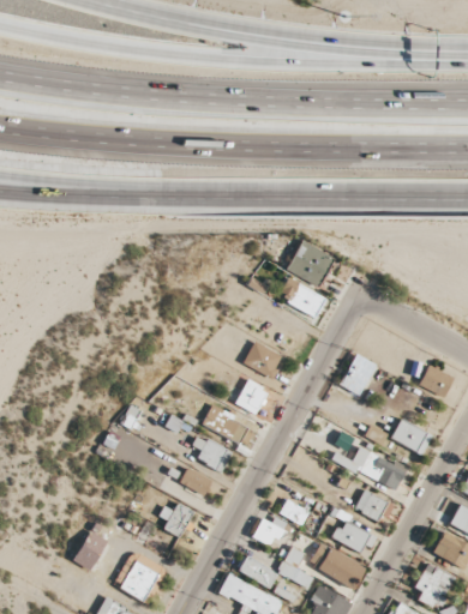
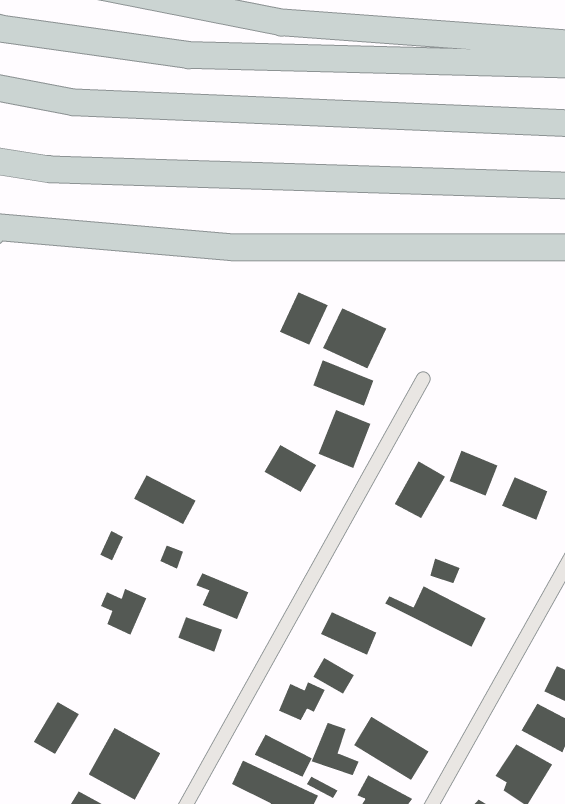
building: none -> [279,291,329,346]
building: none -> [318,409,371,469]
building: none -> [449,450,498,497]
building: [234,380,268,416] -> none
building: [202,405,248,443] -> [133,475,196,525]
building: [390,419,432,455] -> none
building: [355,490,394,523] -> none
building: [158,504,193,538] -> [100,588,147,635]
building: [335,520,377,553] -> [320,611,377,655]

